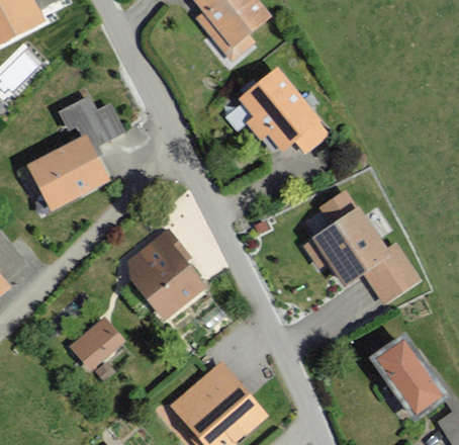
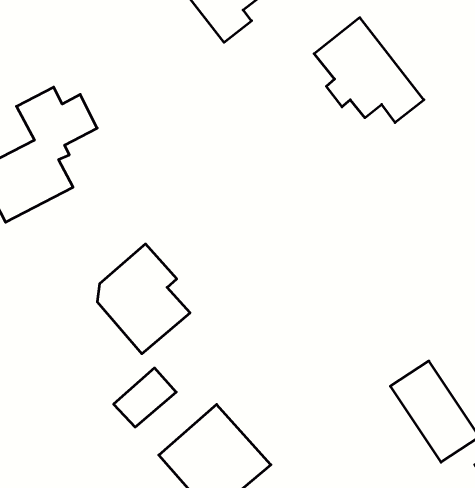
building: [235,69,327,157] -> [314,18,424,123]
building: [303,203,422,299] -> none
building: [71,314,123,363] -> [114,368,176,427]

